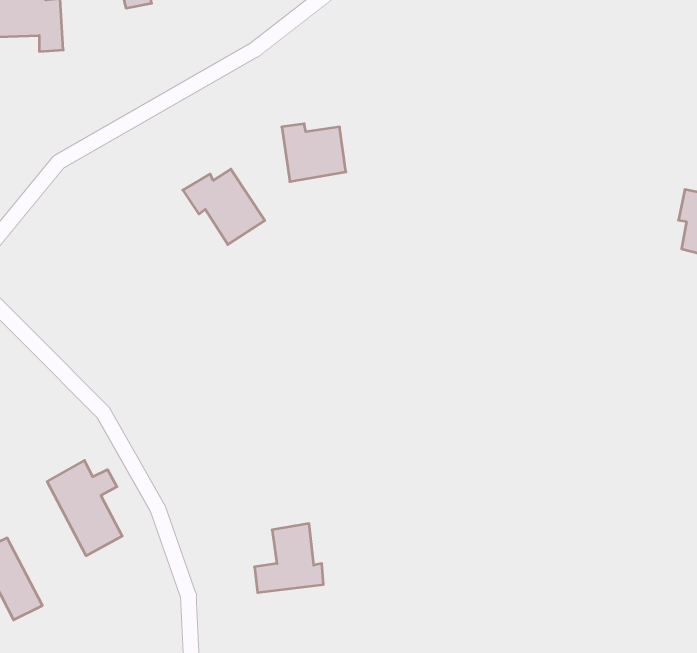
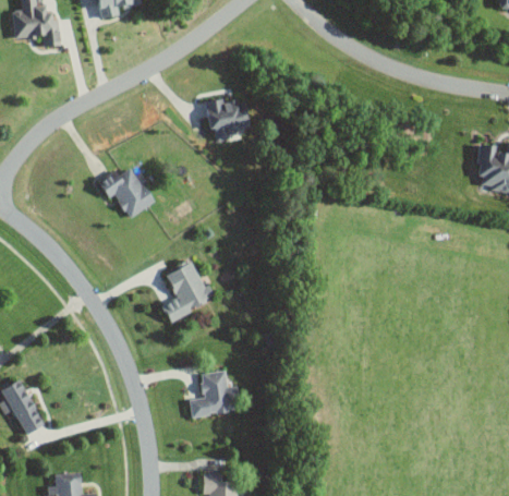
building: [183,169,265,245] -> [97,166,153,217]
building: none -> [160,261,215,319]
building: [47,460,122,556] -> none

